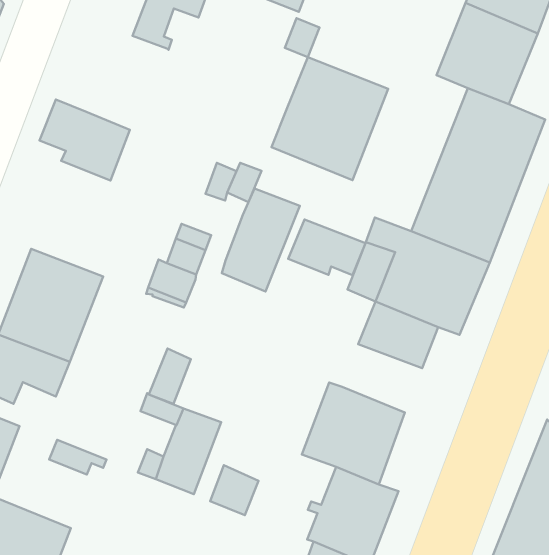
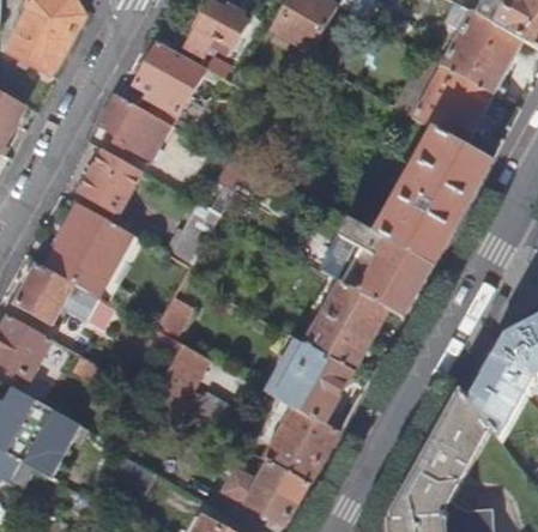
building: none -> [134,40,205,126]
building: [271,57,388,180] -> none
building: none -> [80,150,140,213]
building: [222,189,300,292] -> none
building: [288,219,366,275] -> none
building: none -> [304,314,368,371]

